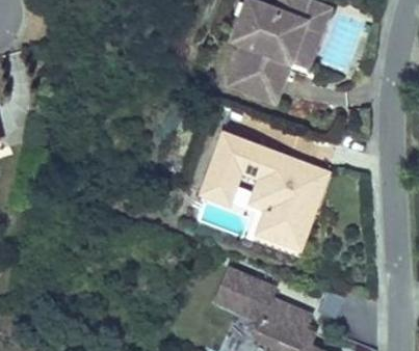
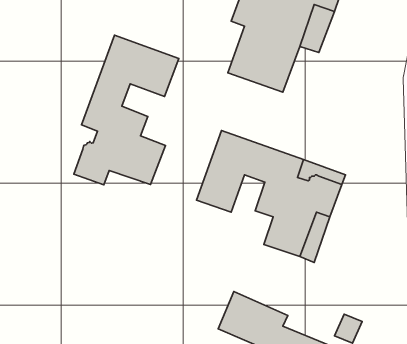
building: none -> [74,35,179,185]

